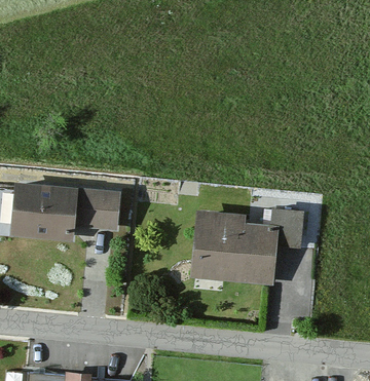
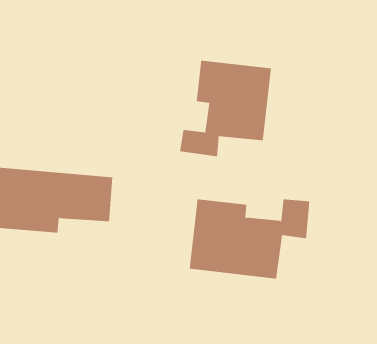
building: none -> [180,60,271,157]

